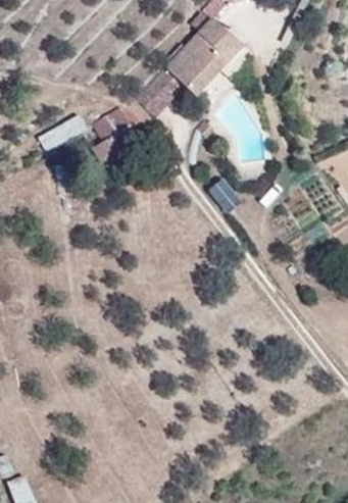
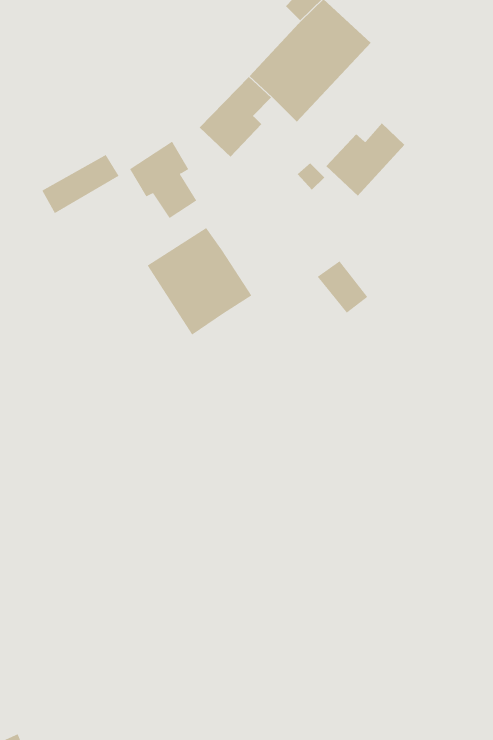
building: none -> [325,122,405,197]
building: none -> [147,227,252,336]

